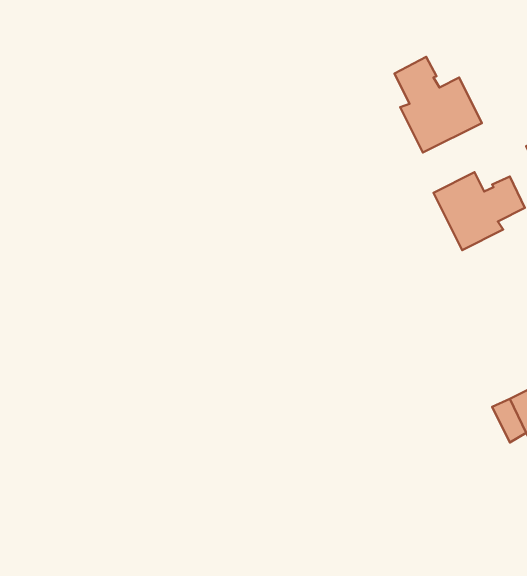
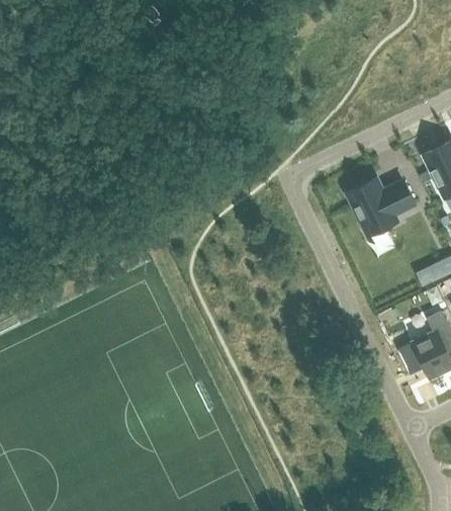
building: [394,57,482,153] -> none

